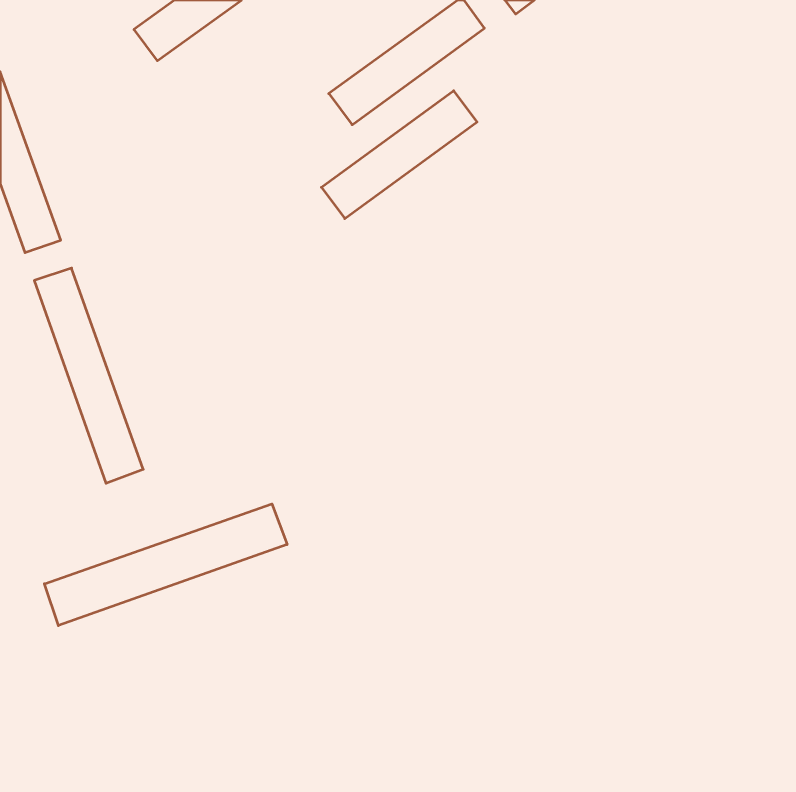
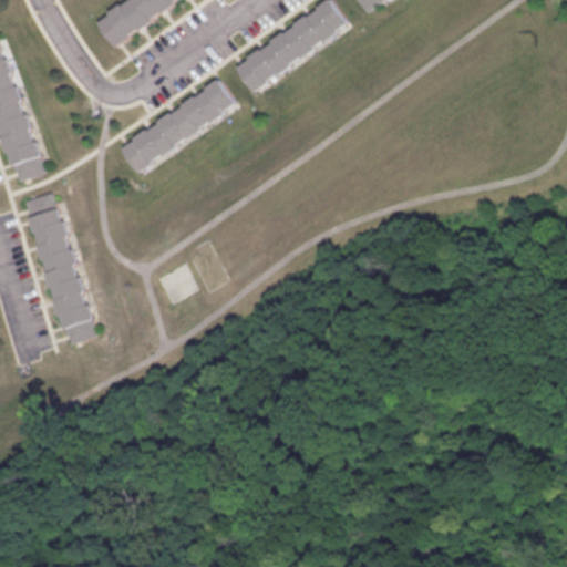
building: [321,91,477,219] -> [118,82,229,173]
building: [44,504,287,626] -> none

